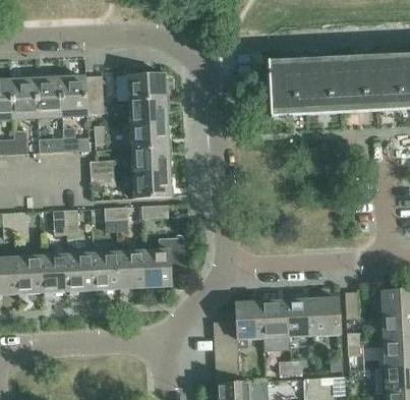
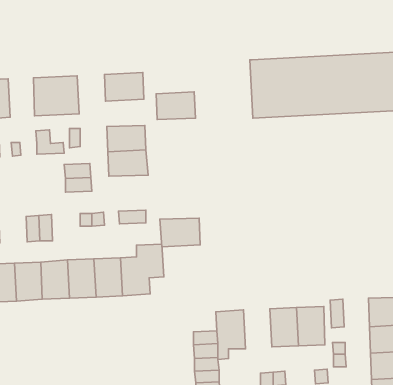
building: [36,77,61,115] -> none
building: [129,98,167,124] -> [156,92,195,119]
building: [132,171,171,198] -> [160,218,200,247]
building: [261,299,289,338] -> none

